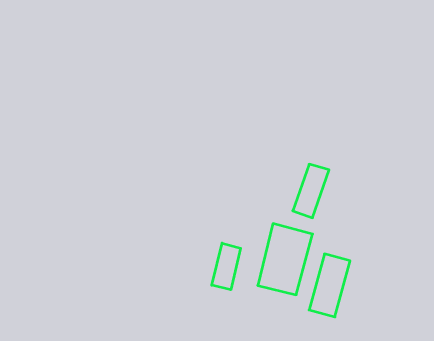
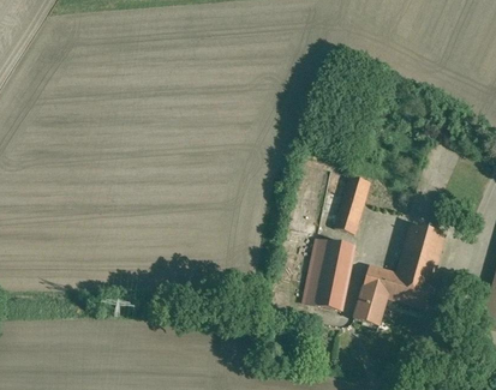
building: none -> [390,224,450,305]
building: [212,243,241,290] -> none

